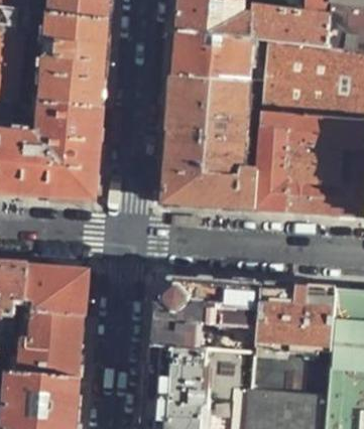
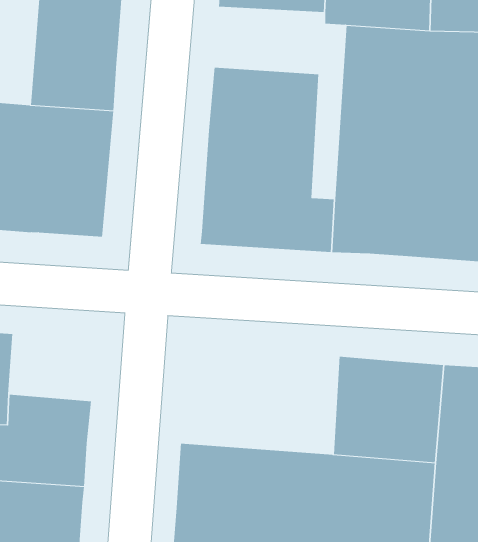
building: [172,32,252,81] -> none
building: [25,267,88,315] -> none
building: [148,277,262,353] -> none

